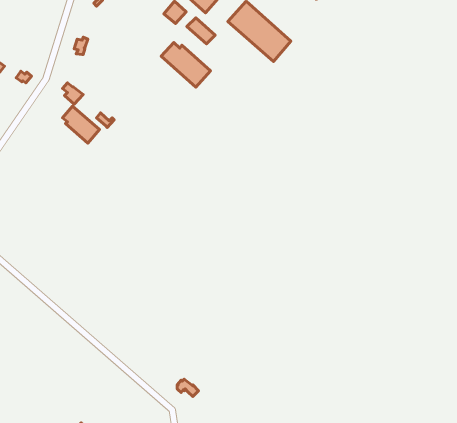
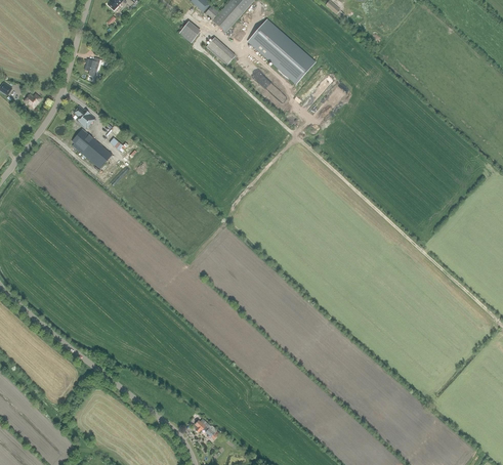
building: [161,42,211,87] -> none

